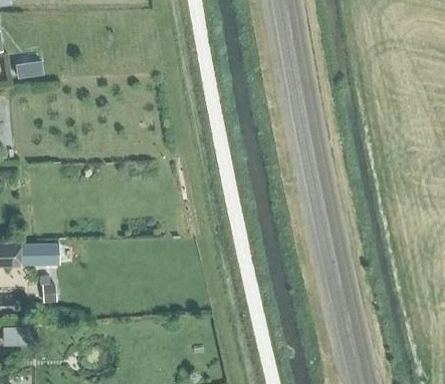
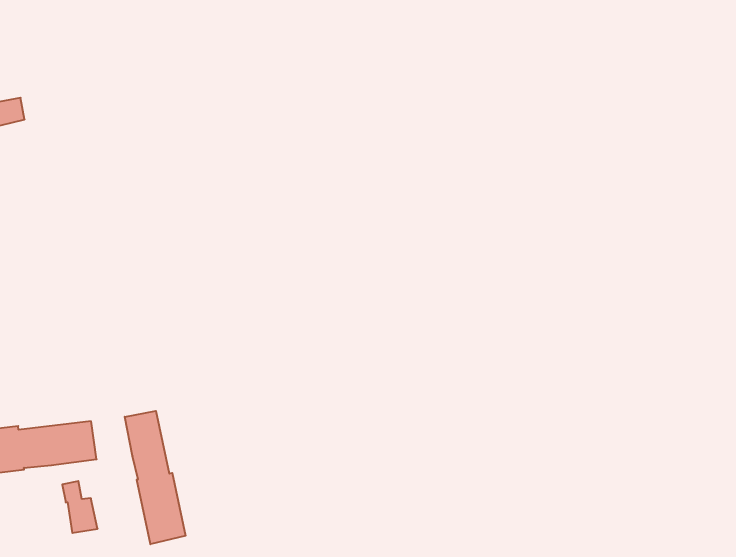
building: none -> [125,411,186,544]

